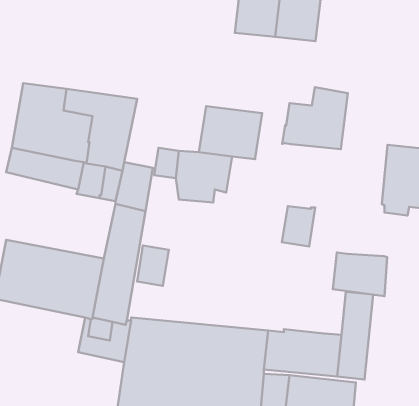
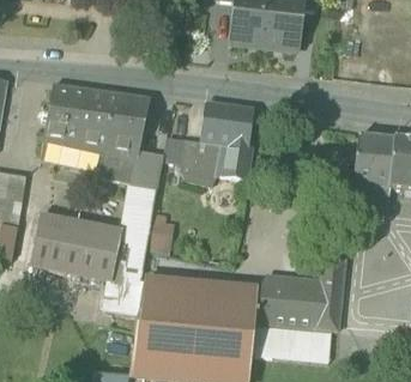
building: [282,87,348,149] -> none
building: [282,206,315,246] -> [222,144,249,177]
building: [333,252,387,296] -> none

